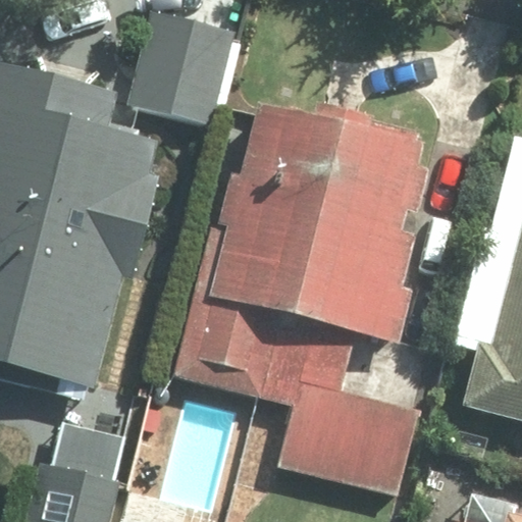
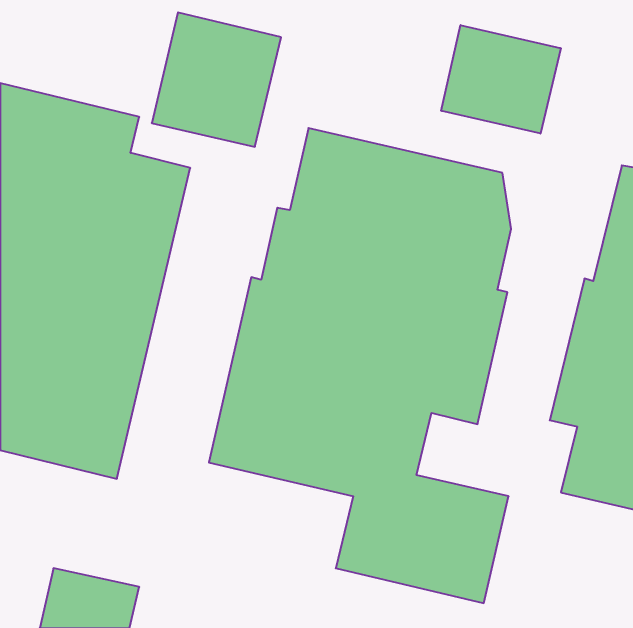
building: none -> [441,25,561,134]

